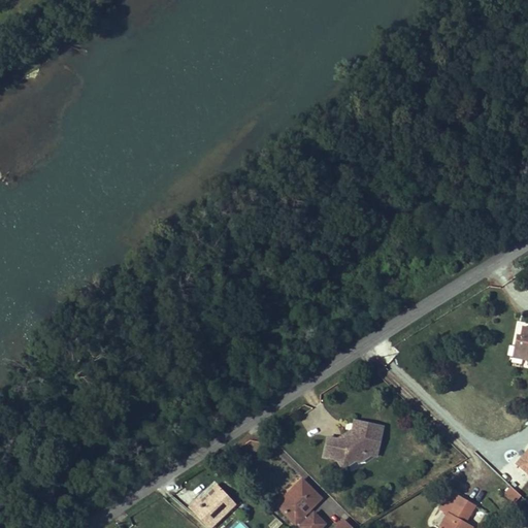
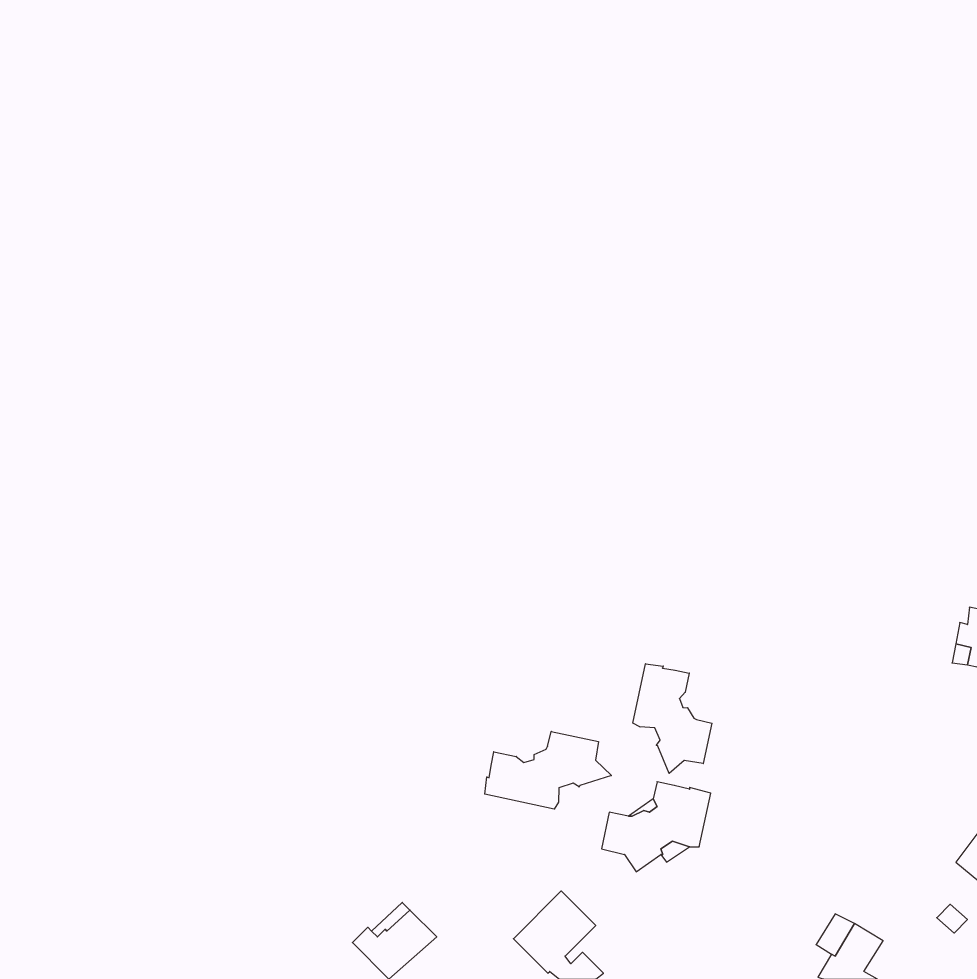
building: none -> [633,664,712,773]
building: none -> [485,731,611,809]

